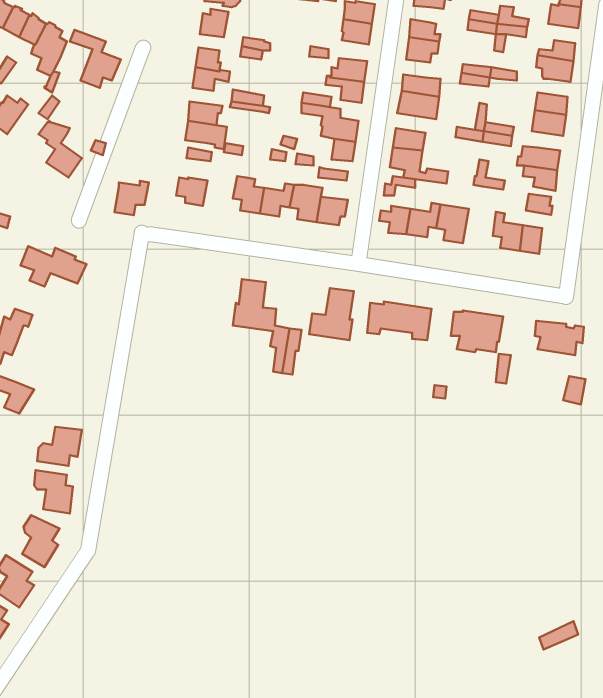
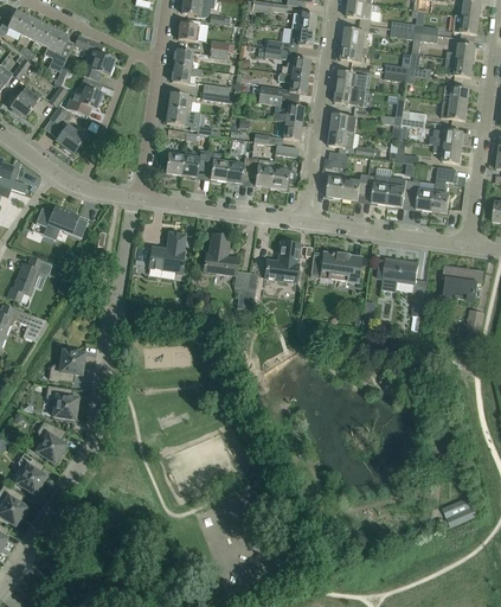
building: none -> [66,77,102,115]
building: [114,181,149,215] -> [180,151,207,178]
building: none -> [386,178,412,206]
building: none -> [148,232,185,274]

